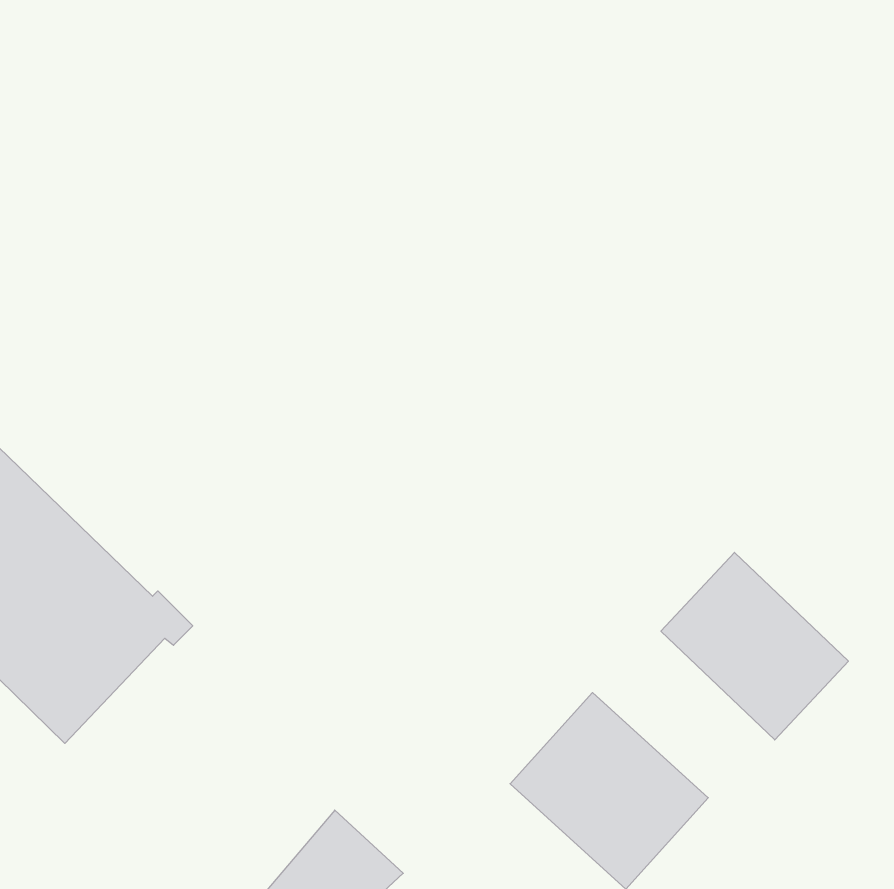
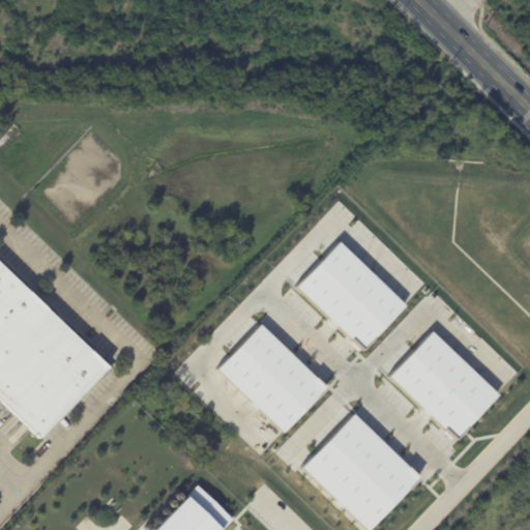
building: none -> [295,237,406,347]
building: none -> [219,322,330,432]

